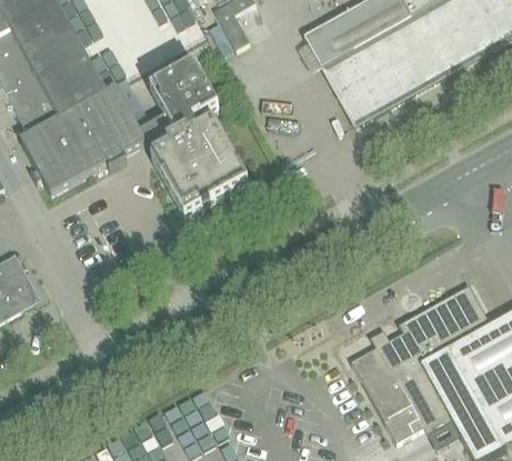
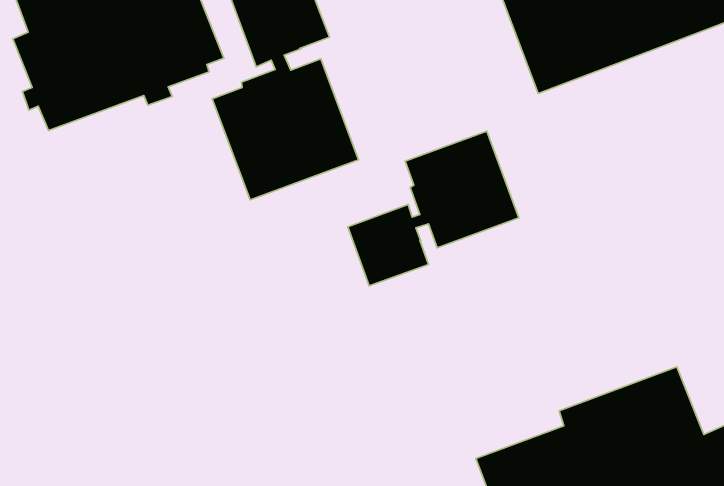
building: none -> [348,131,519,286]

